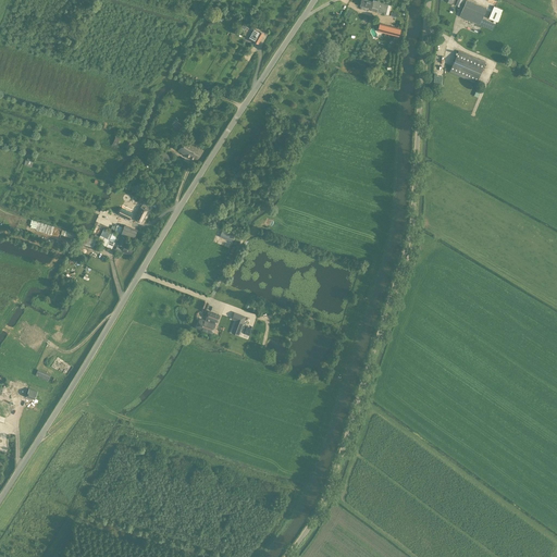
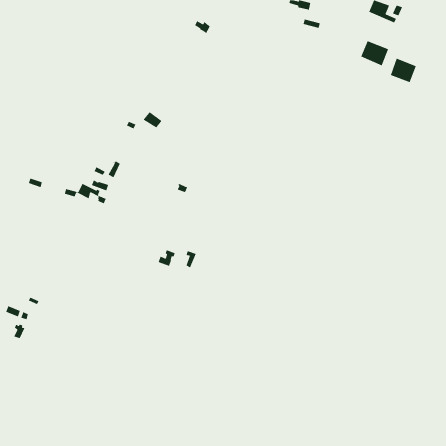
building: none -> [390,58,417,83]

